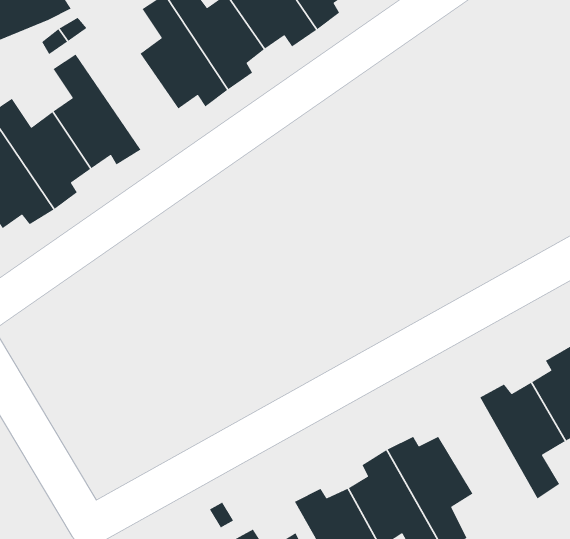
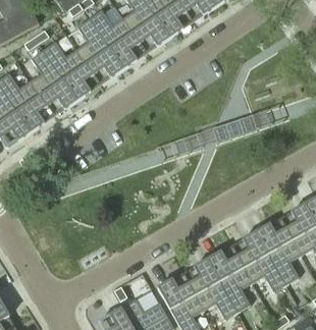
building: none -> [43,41,97,100]
building: none -> [234,230,286,291]

